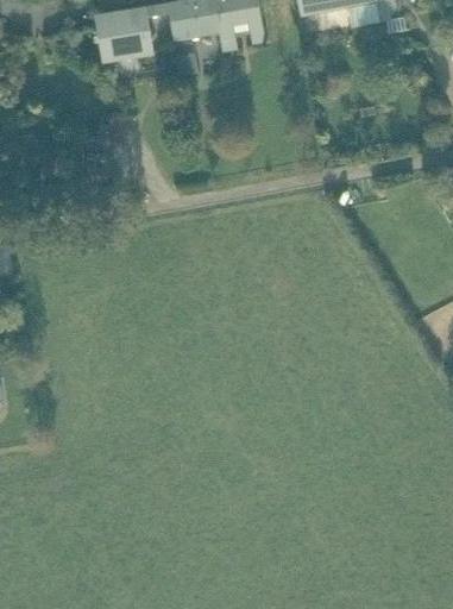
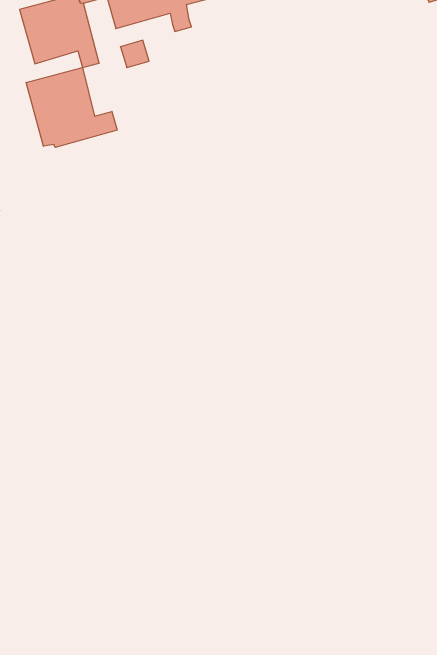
building: none -> [26,68,117,147]

